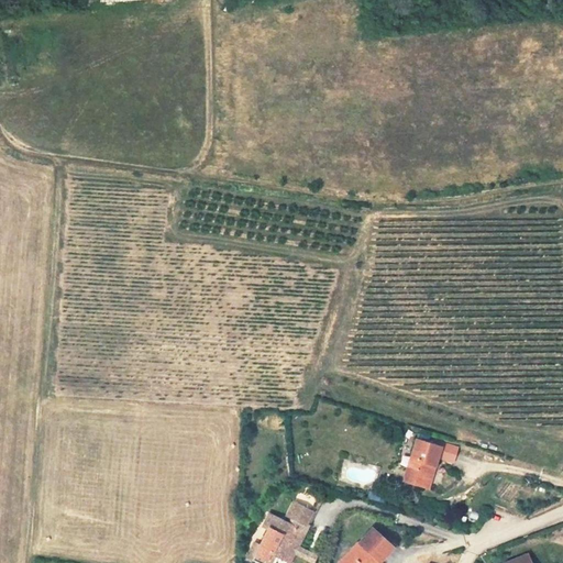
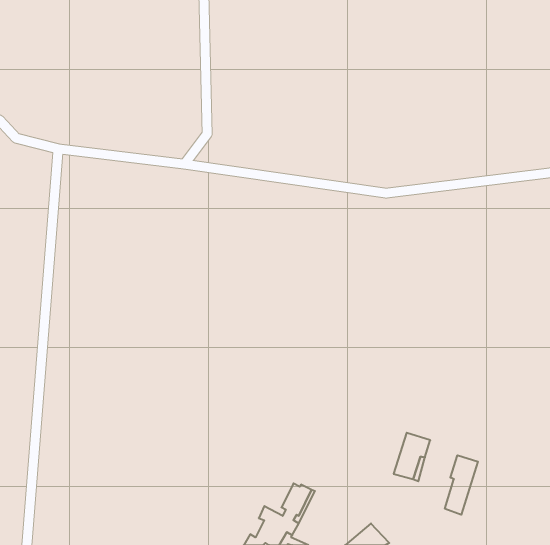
building: none -> [445,455,478,515]

